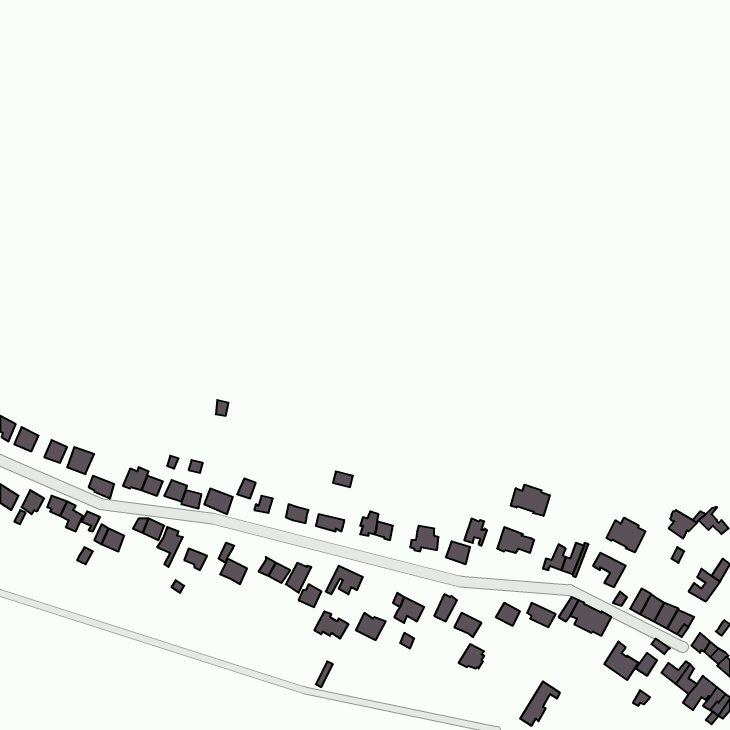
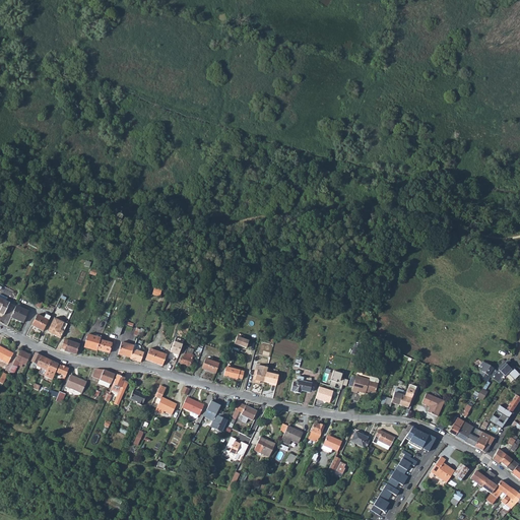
building: [511,485,550,516] -> none
building: [606,518,645,552] -> none
building: none -> [387,455,416,489]

